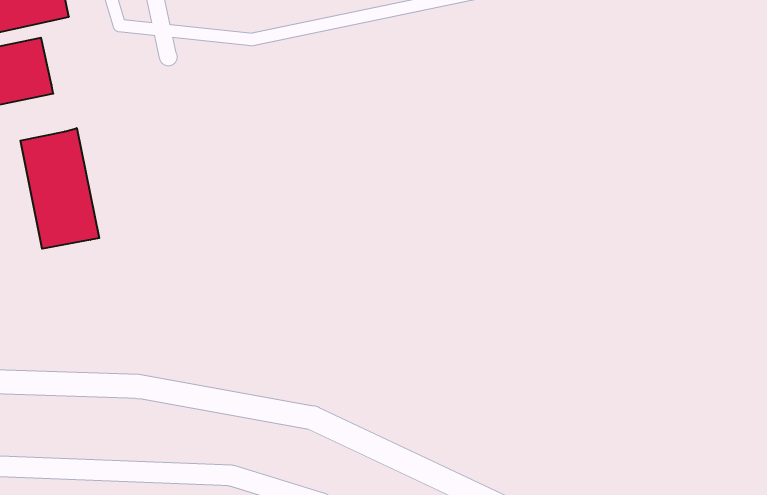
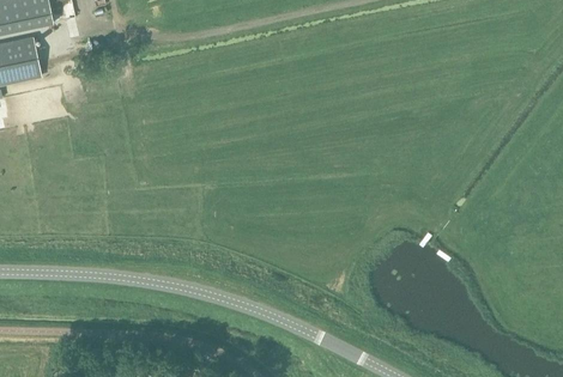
building: [20,128,99,249] -> none

